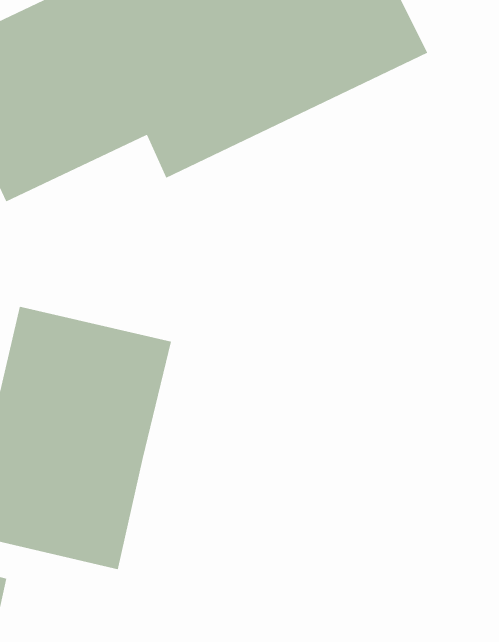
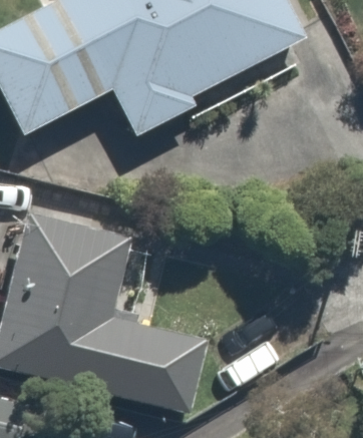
building: none -> [93,314,210,418]

